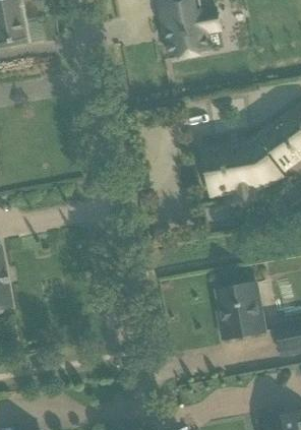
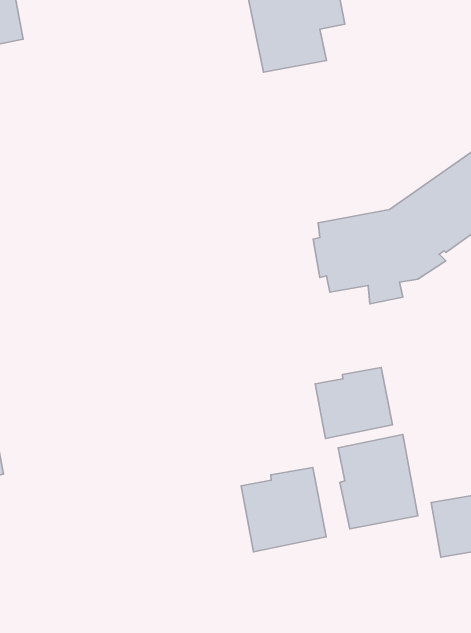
building: none -> [315,368,392,439]
building: none -> [241,468,326,552]

